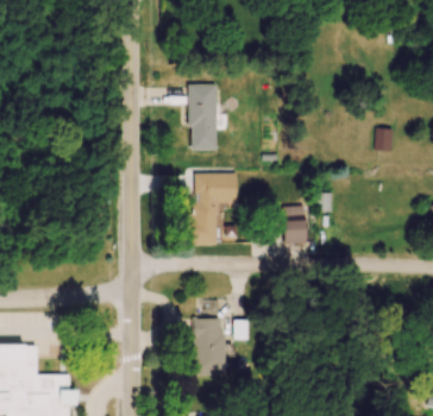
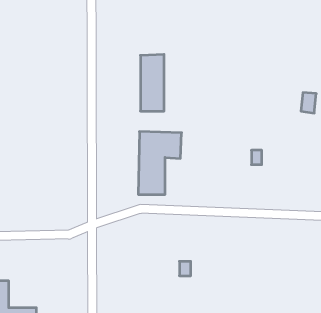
building: [283,219,307,244] -> none
building: [194,301,224,377] -> none

